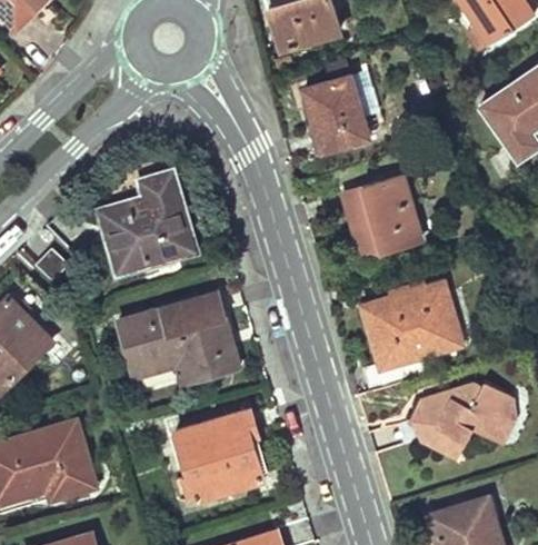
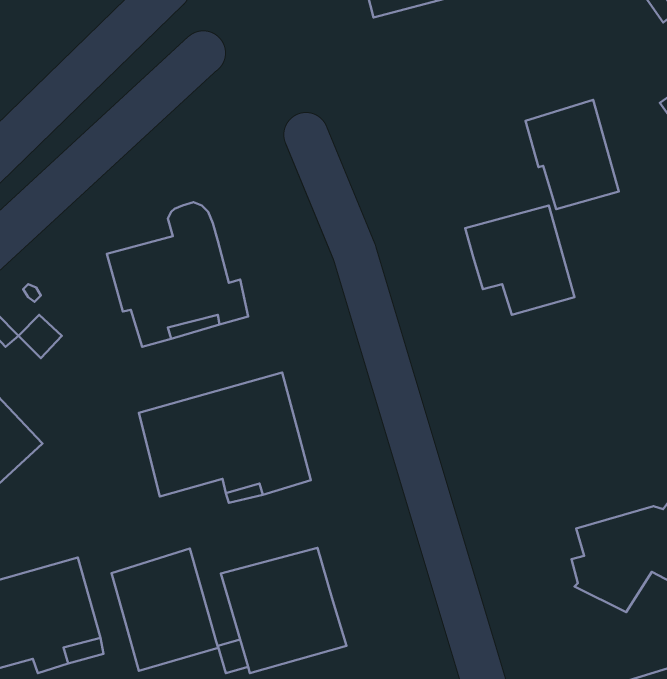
building: [305,75,369,150] -> [526,100,619,209]
building: [349,281,460,392] -> none
building: none -> [112,549,218,671]

